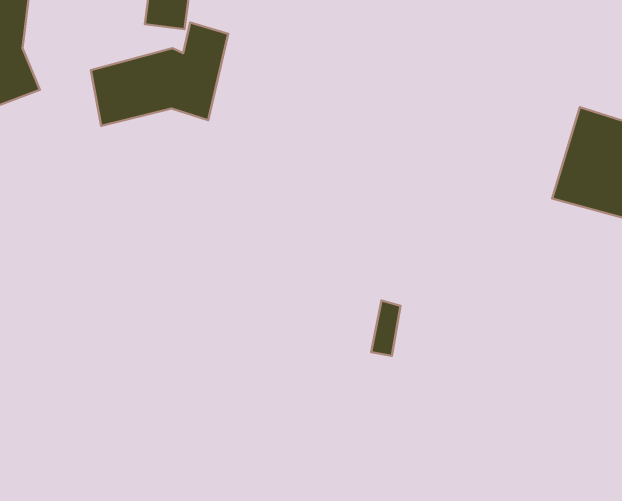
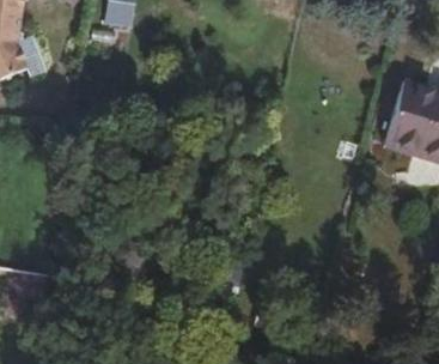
building: [91,22,228,126] -> none

